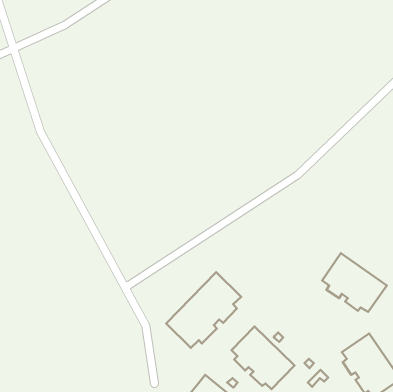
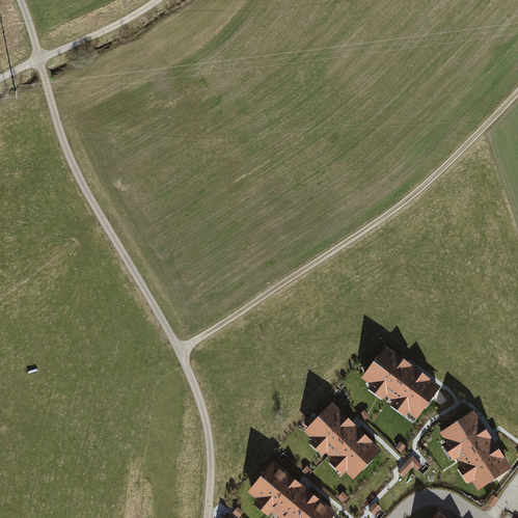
building: [322,253,387,312] -> [362,345,441,416]
building: [166,272,241,348] -> none

